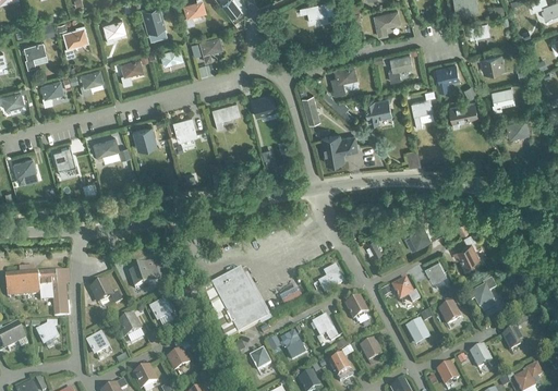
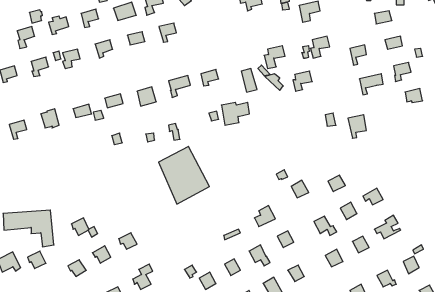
building: [411,98,434,127] -> [348,115,366,138]
building: [322,136,356,164] -> [221,102,249,125]
building: [129,259,161,286] -> none
building: [204,267,267,339] -> [159,146,209,204]

